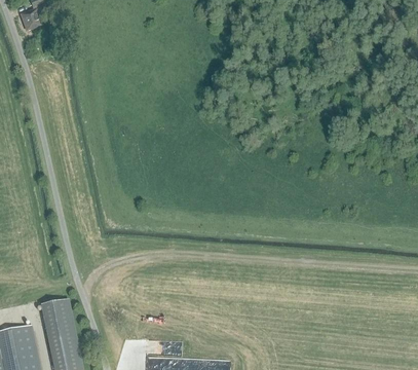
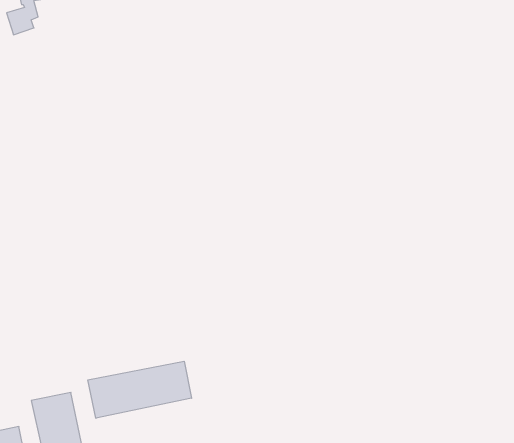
building: none -> [88,361,192,418]

